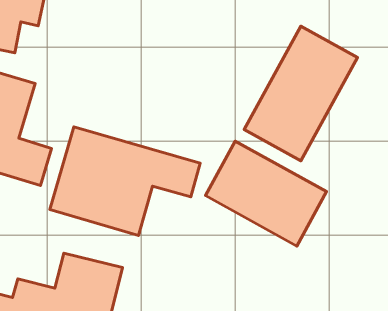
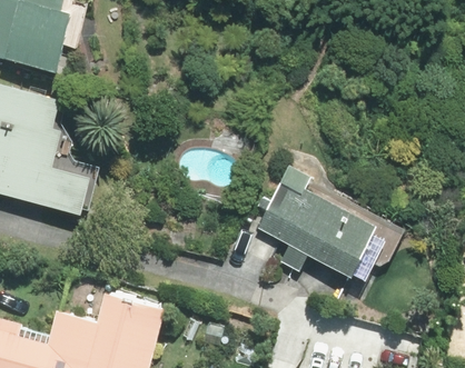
building: [244,26,358,161] -> none
building: [50,127,200,236] -> none

